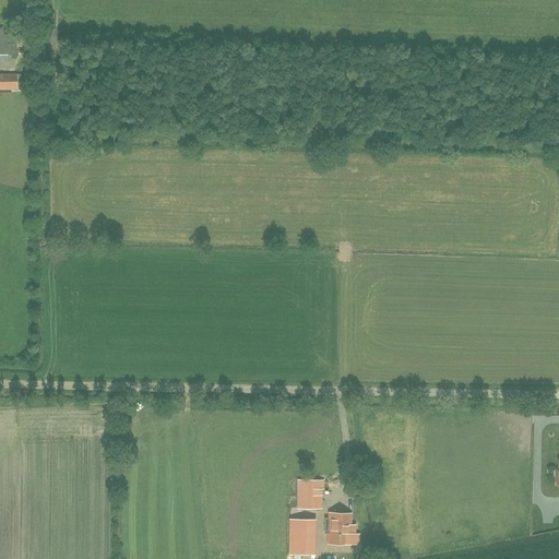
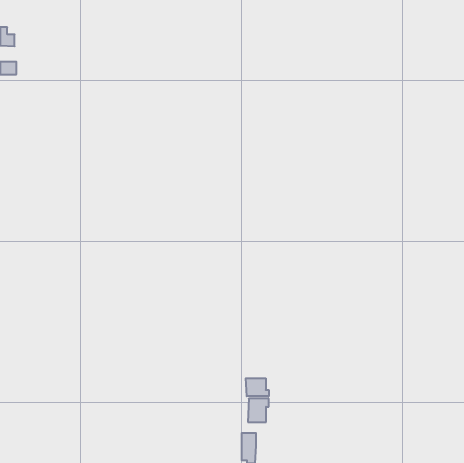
building: none -> [246,378,269,396]
building: [324,512,355,544] -> none

